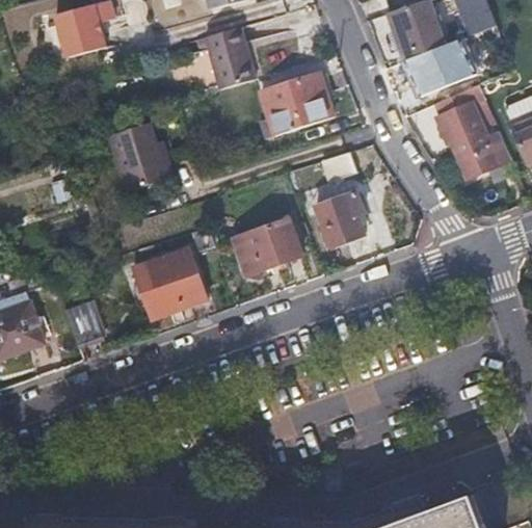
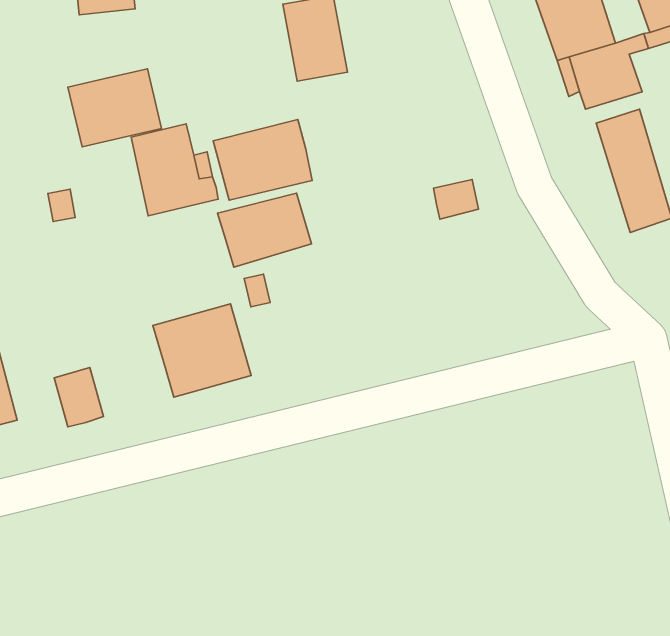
building: [259,72,331,133] -> [213,120,312,200]
building: none -> [68,69,162,147]
building: [314,190,364,246] -> none
building: [232,220,300,276] -> [218,193,312,267]

